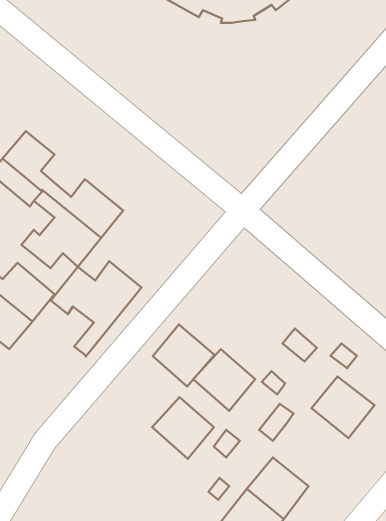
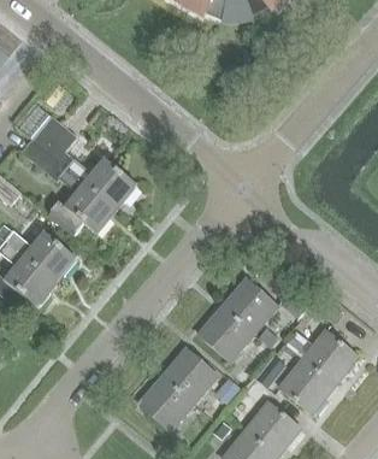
building: [51,261,142,357] -> none
building: [153,325,215,386] -> [223,279,277,334]
building: none -> [279,359,335,413]
building: none -> [138,376,194,431]

